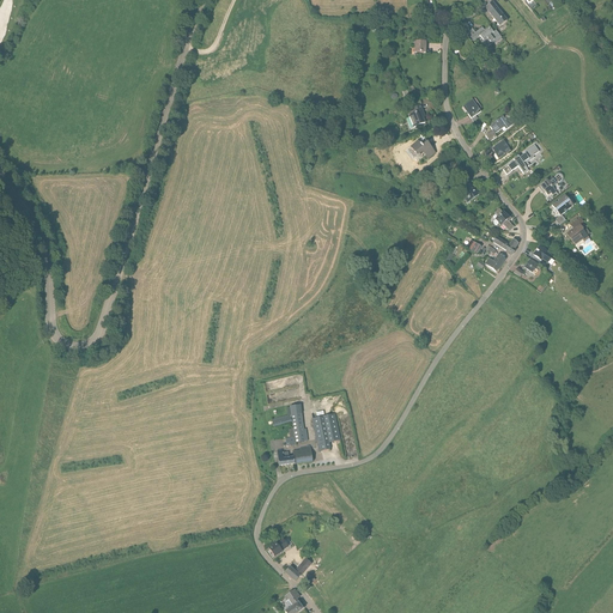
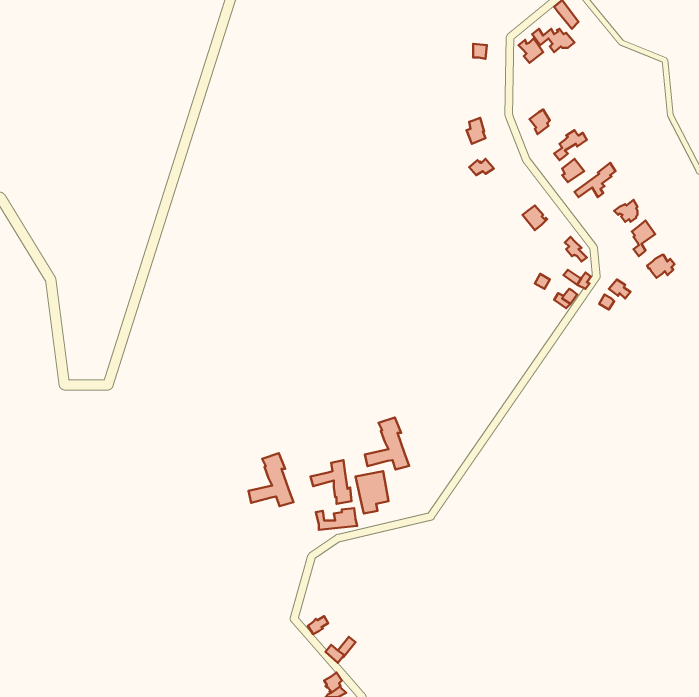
building: none -> [365,417,409,470]
building: none -> [248,453,293,506]

